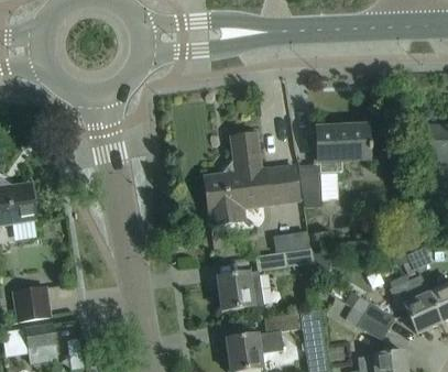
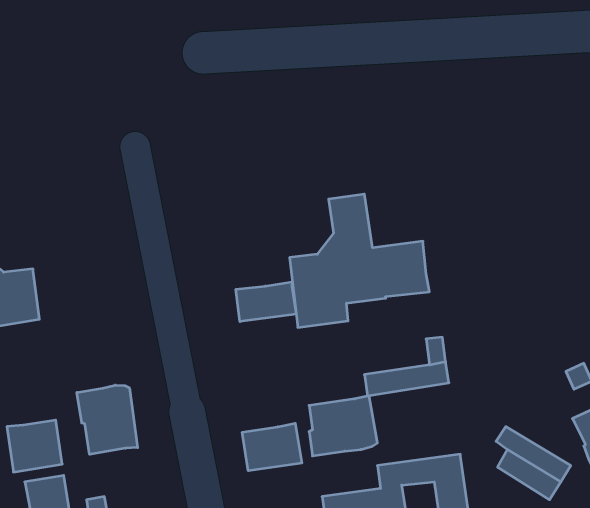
building: [299,124,370,207] -> none
building: none -> [236,282,296,322]
building: none -> [77,385,138,454]
building: none -> [242,423,302,471]

